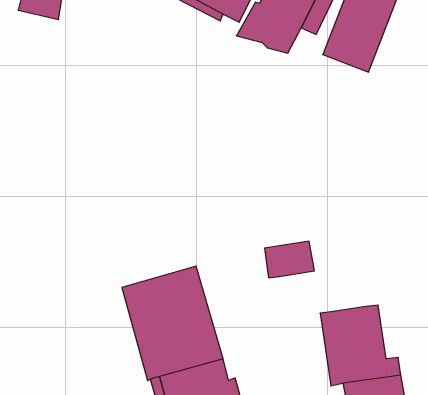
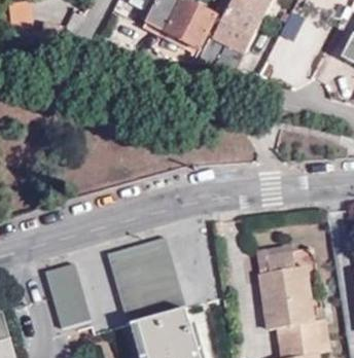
building: [265,241,314,278] -> [256,244,294,272]
building: none -> [44,262,91,327]

